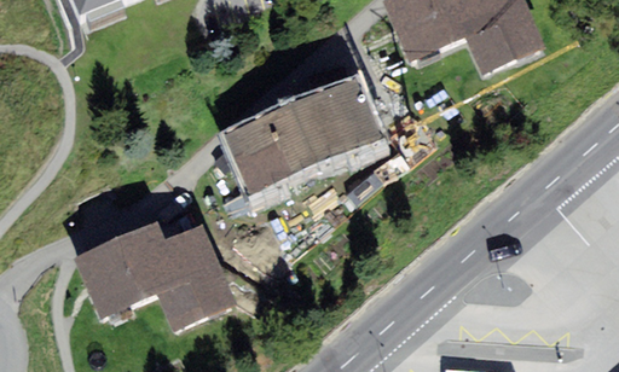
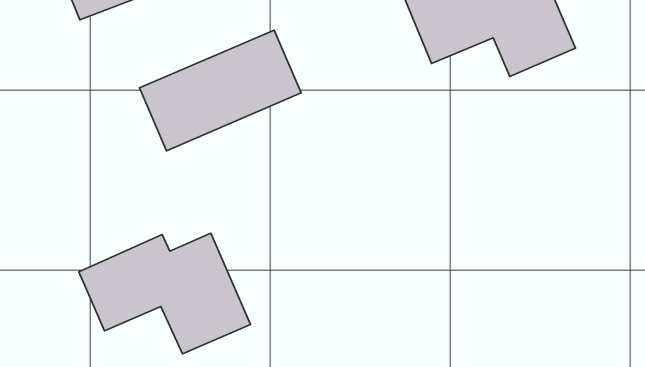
building: [228,79,381,192] -> [140,30,301,151]

